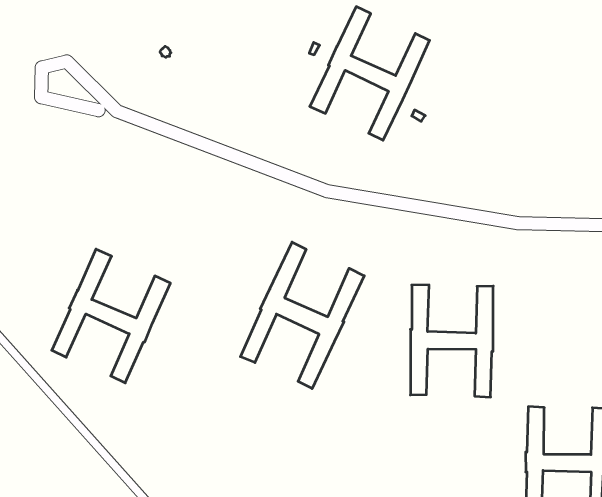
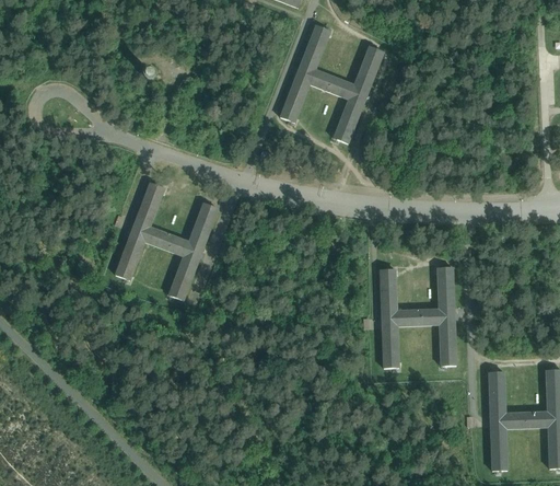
building: [240,242,364,389] -> none
building: [52,249,170,383] -> [116,182,218,299]

